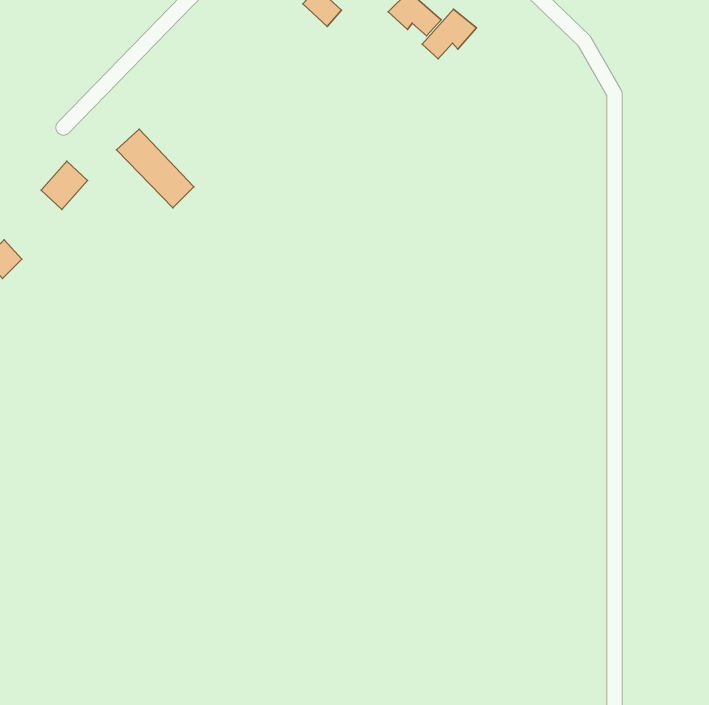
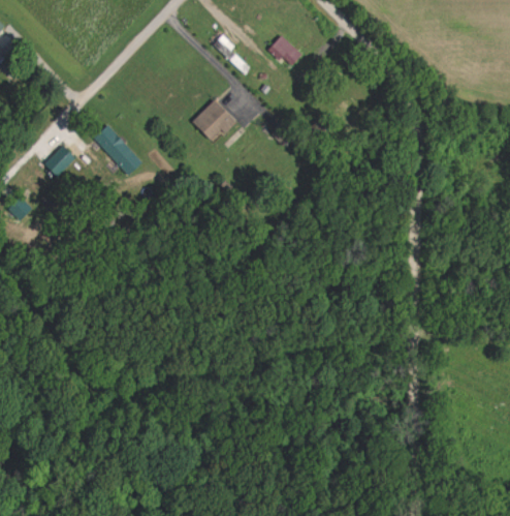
building: [422,9,477,59] -> none
building: none -> [192,99,235,143]

